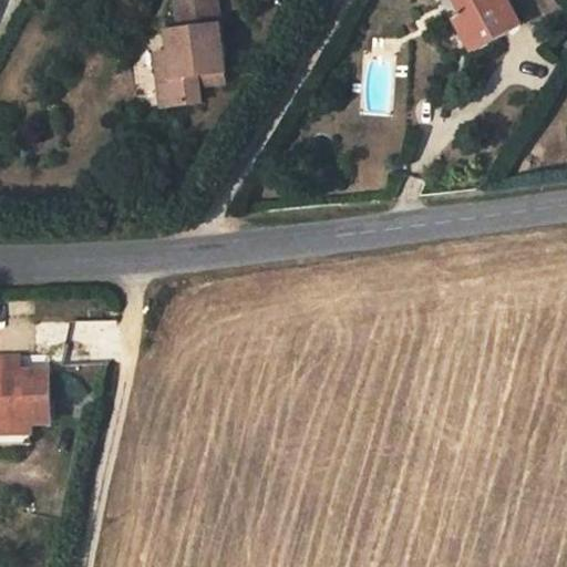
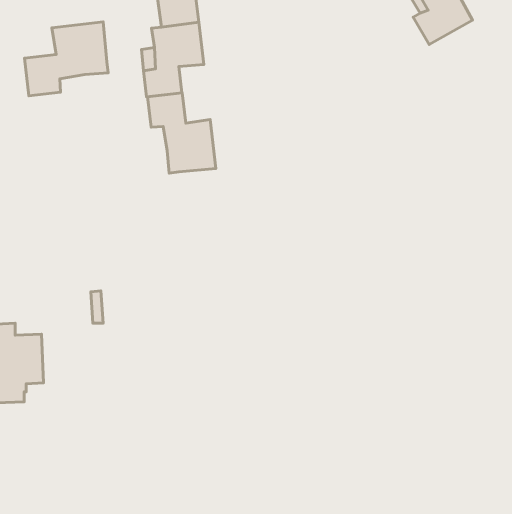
building: none -> [25,22,108,96]
building: none -> [148,93,216,173]

